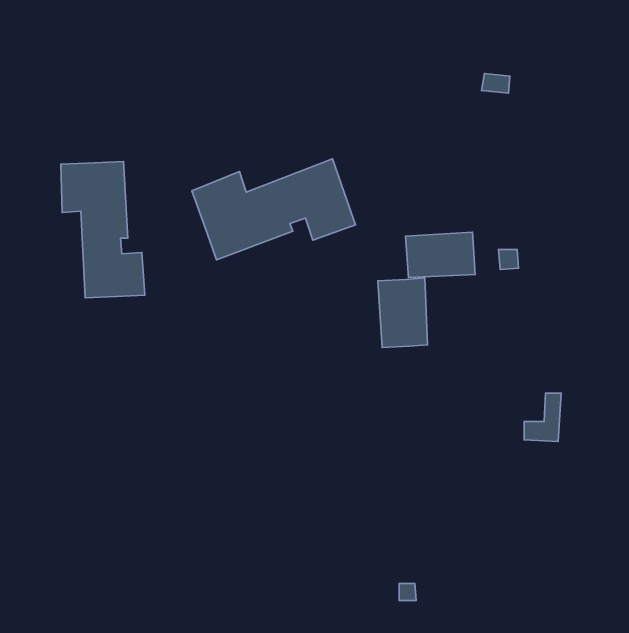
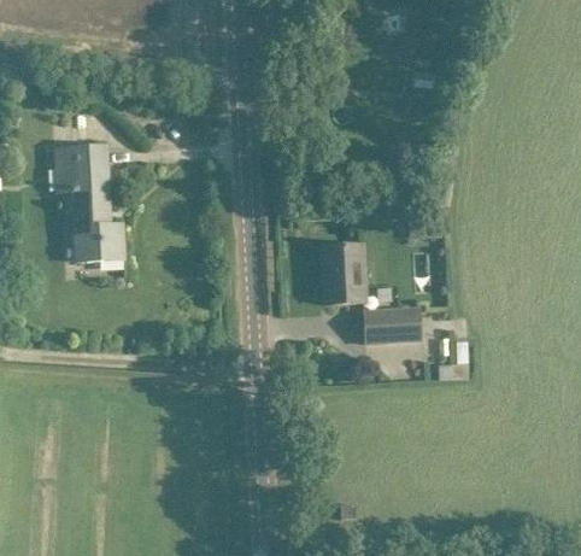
building: [192,159,356,260] -> none
building: [406,232,475,278] -> [363,304,422,343]

